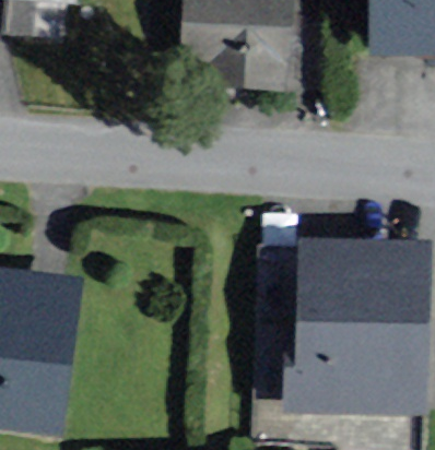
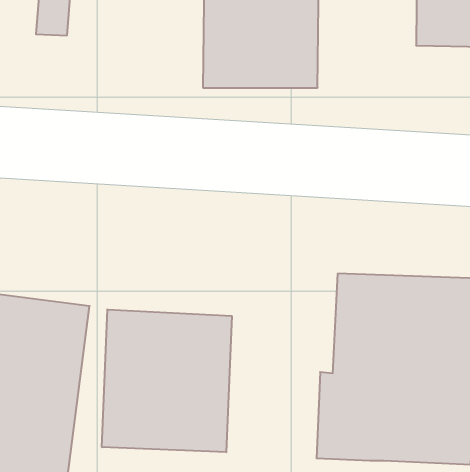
building: none -> [102,309,232,452]

